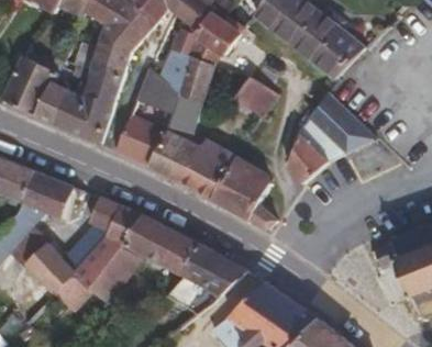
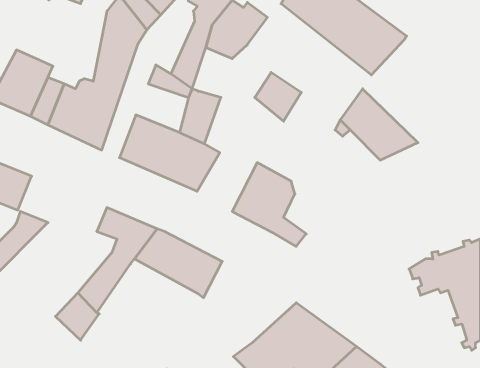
building: [177,56,212,100] -> none
building: [286,134,328,184] -> none
building: [181,144,234,200] -> none
building: [24,169,77,216] -> none
building: [30,240,77,292] -> none
building: [168,244,251,313] -> none
building: [93,246,144,304] -> none

